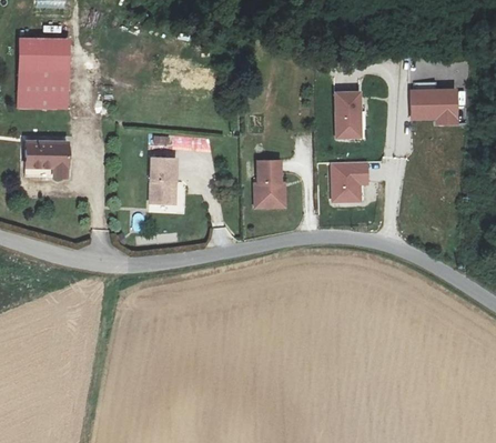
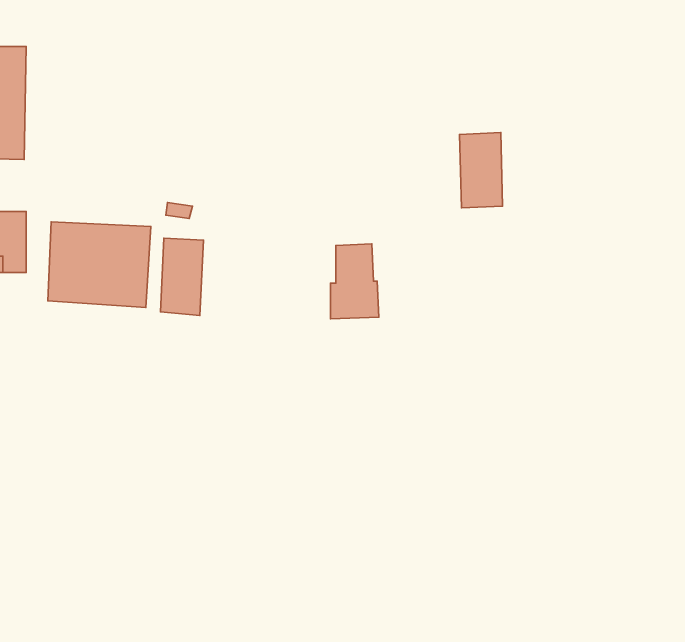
building: [412,89,458,123] -> none
building: none -> [48,222,151,307]
building: [332,162,367,200] -> none

